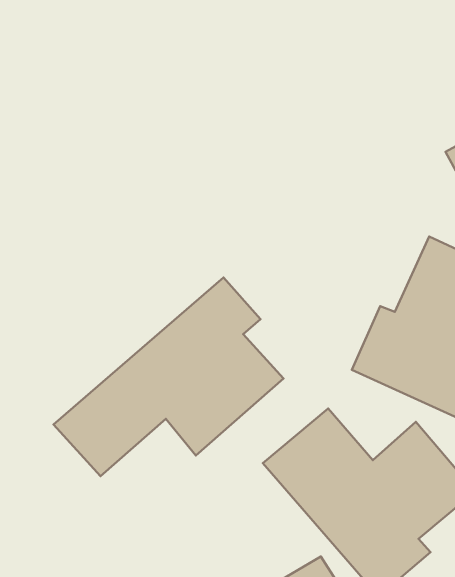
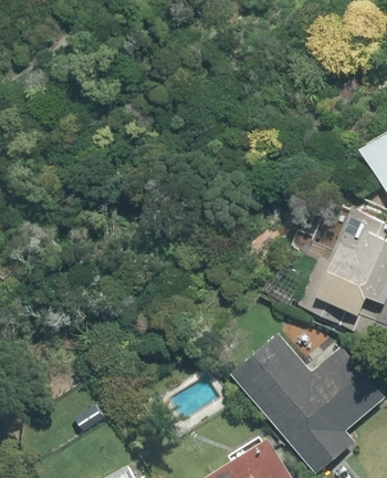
building: [54,277,284,476] -> none

